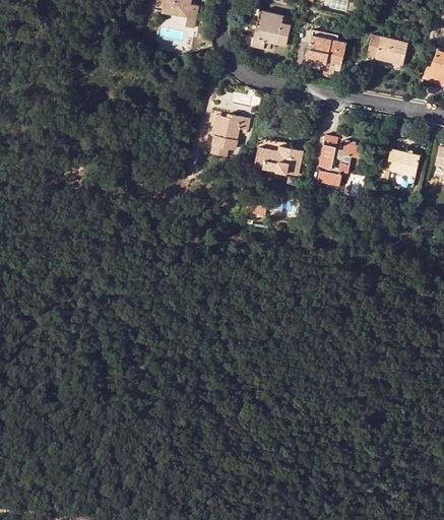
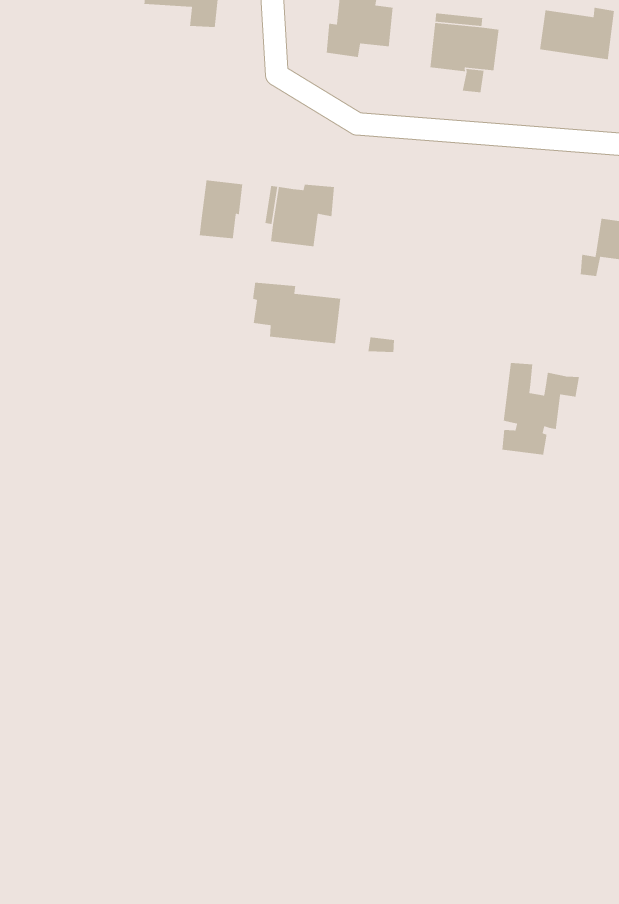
building: none -> [199,179,243,239]
building: [316,135,362,187] -> [502,362,580,455]
building: [254,138,303,176] -> [252,282,341,344]

